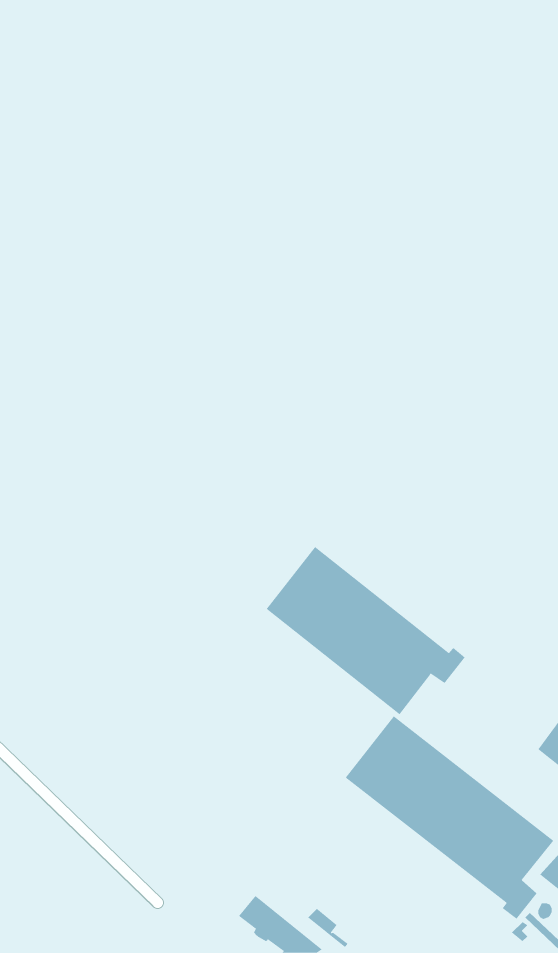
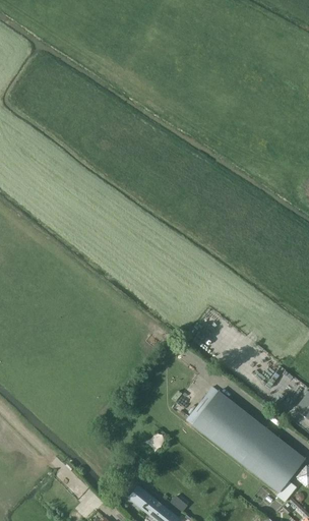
building: [266,546,465,715] -> none

